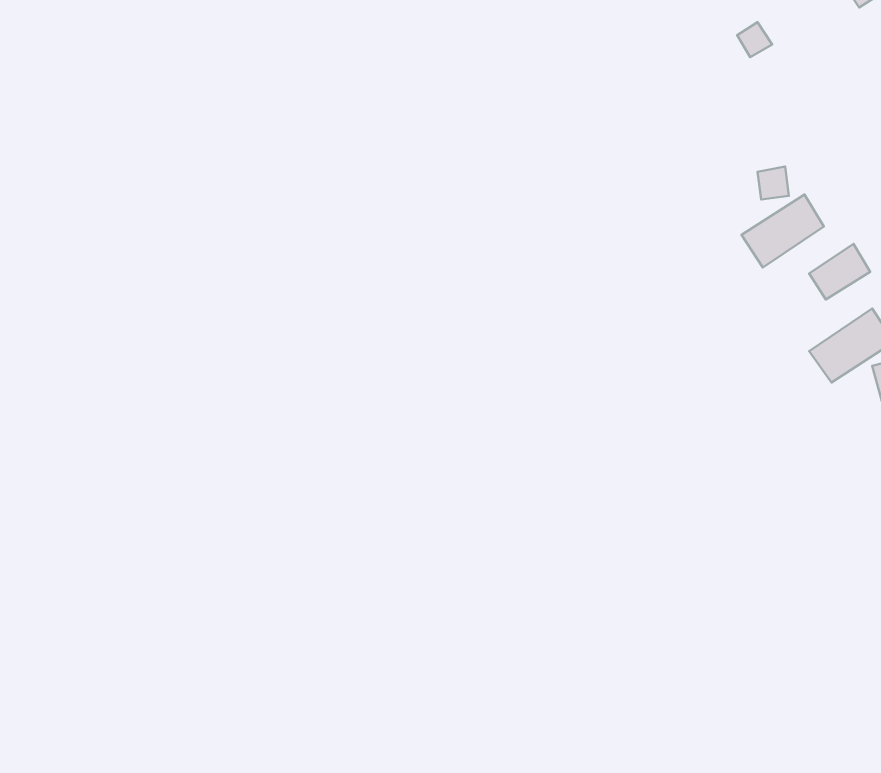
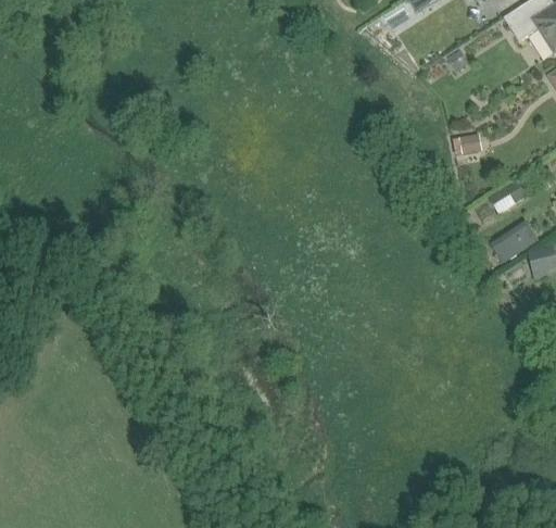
building: [742,195,824,268] -> none

